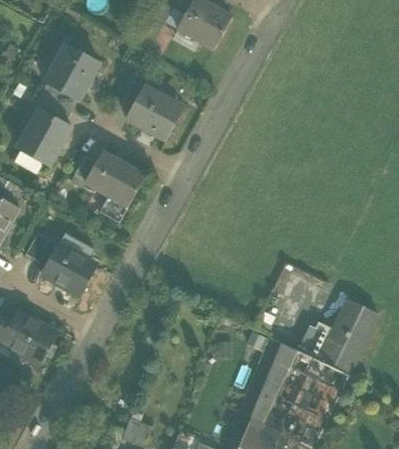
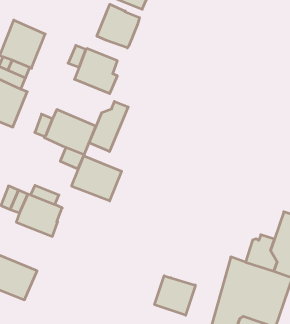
building: none -> [97,4,140,48]
building: none -> [89,101,128,152]
building: none -> [72,156,122,201]
building: none -> [155,276,195,315]

